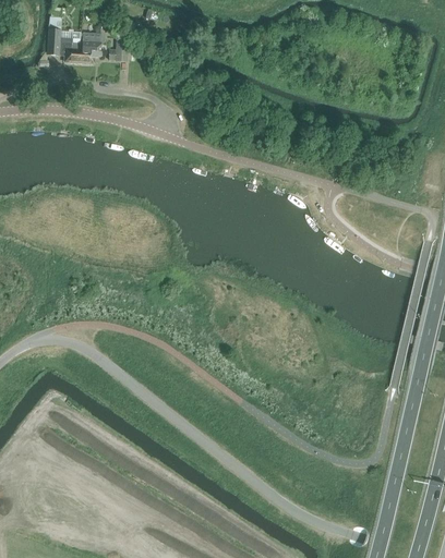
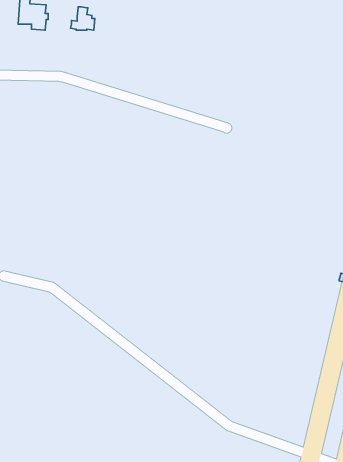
building: [77,34,105,62] -> none

